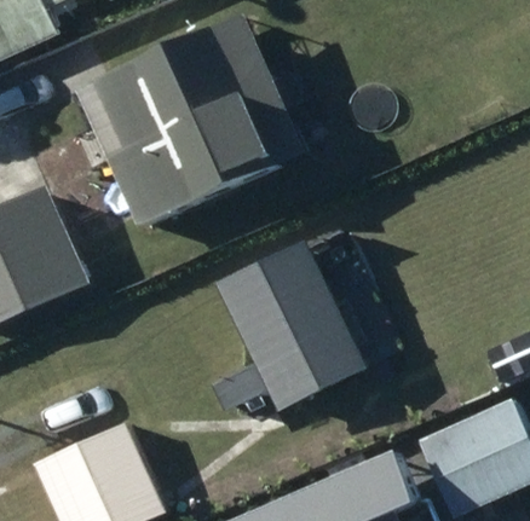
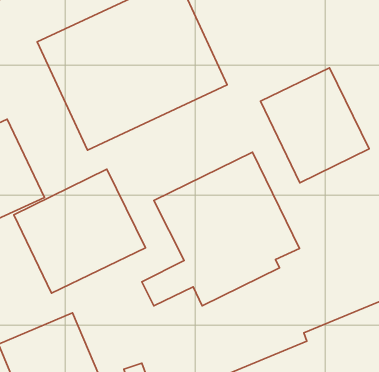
building: none -> [261,68,369,183]
building: none -> [14,169,146,293]

